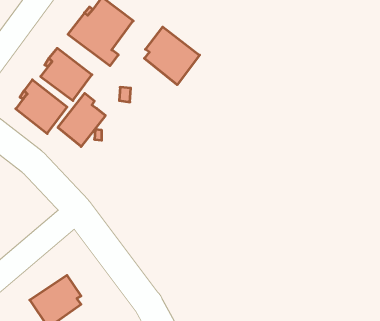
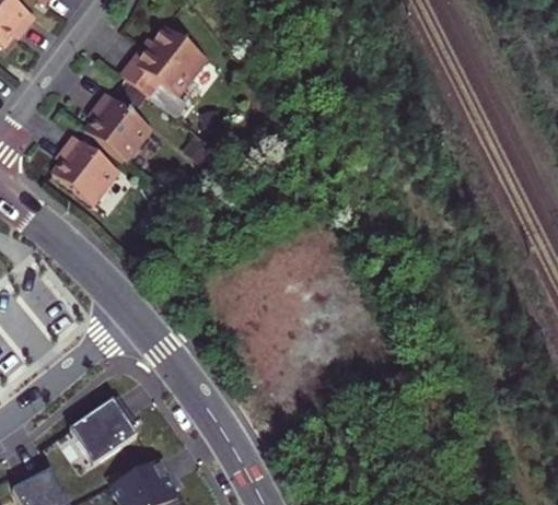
building: [144,27,200,85] -> none
building: [58,93,105,147] -> none

